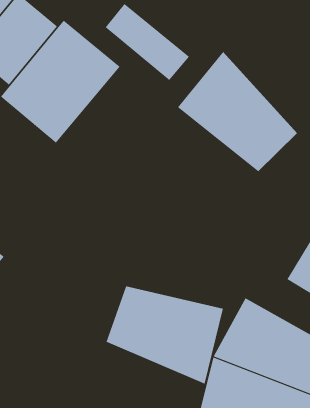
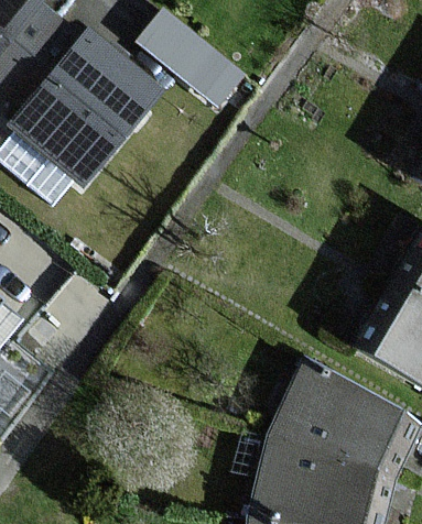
building: [177,51,298,172] -> none
building: [106,285,224,385] -> none

